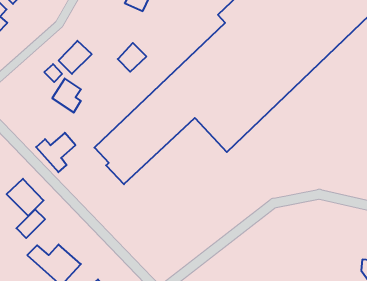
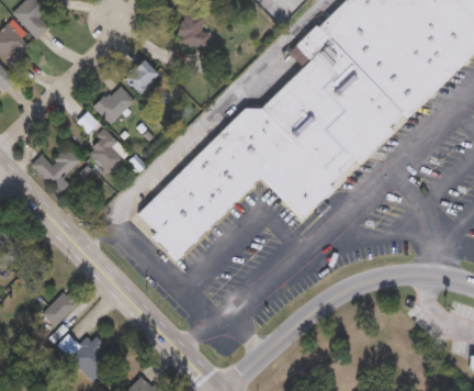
building: [118,43,146,72] -> [124,59,159,94]
building: [36,133,75,172] -> [32,146,80,194]
building: [7,179,44,216] -> none

